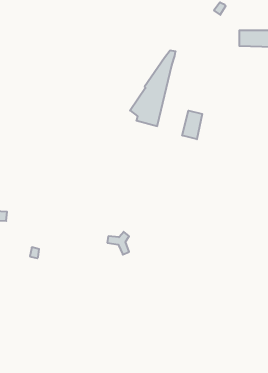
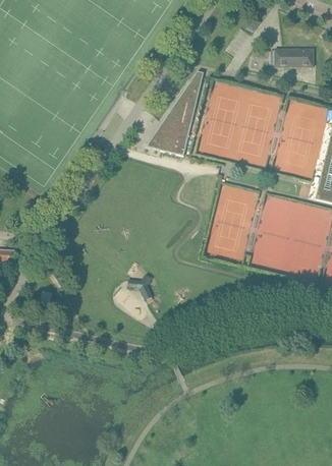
building: [182,111,202,139] -> none

